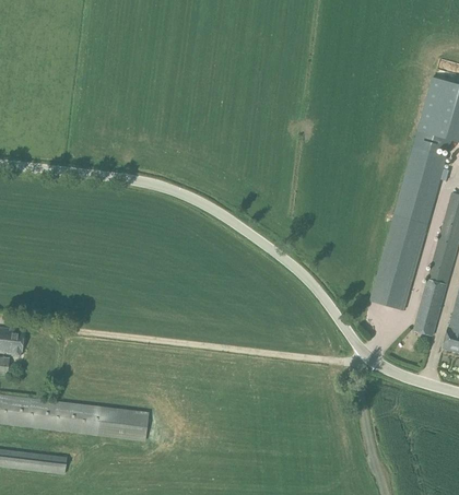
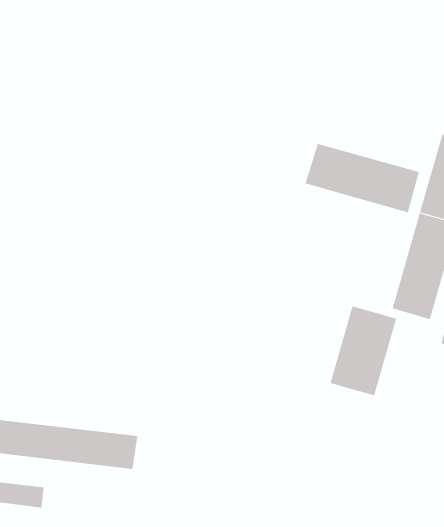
building: none -> [305,143,420,213]
building: none -> [330,305,397,396]

